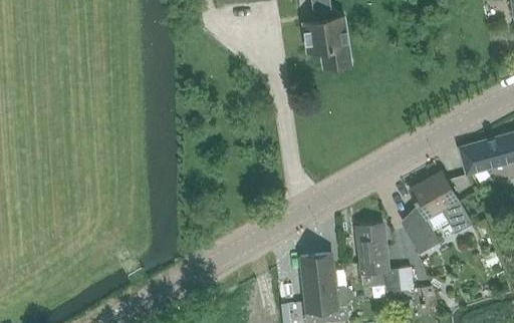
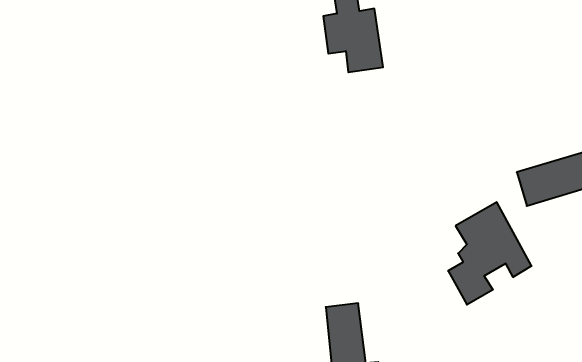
building: [356,224,413,292] -> none

